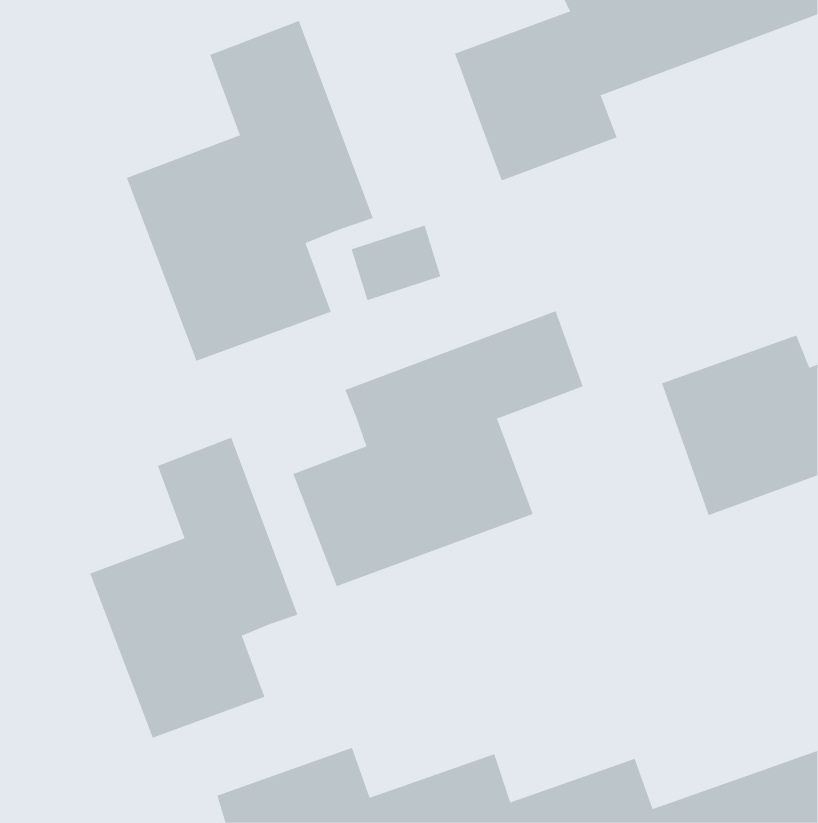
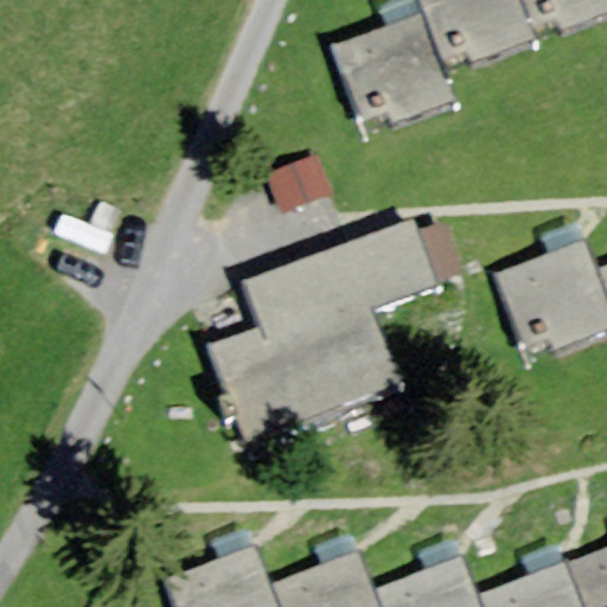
building: [126,20,373,361] -> none
building: [90,437,298,738] -> none

